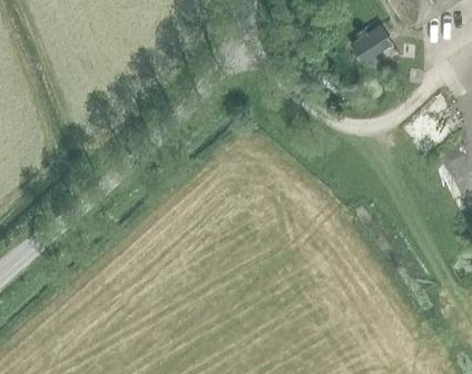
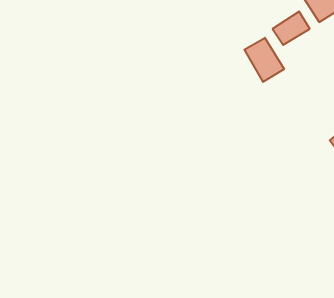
building: none -> [244,38,284,82]

